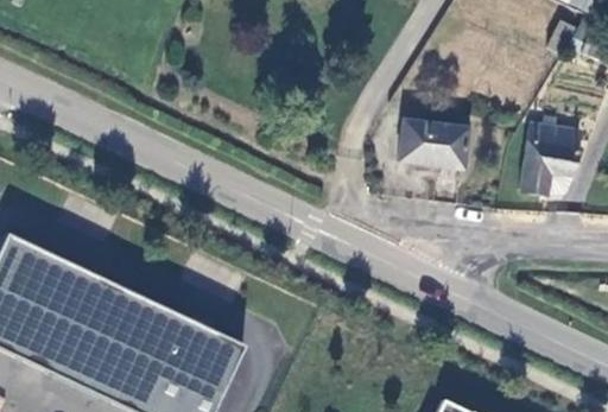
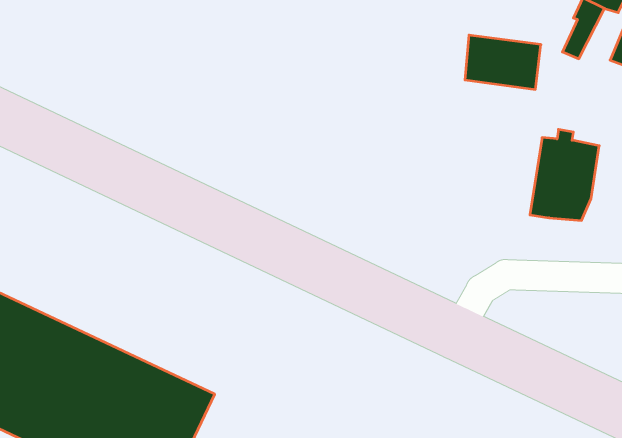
building: [401,119,468,166] -> [465,35,541,89]

